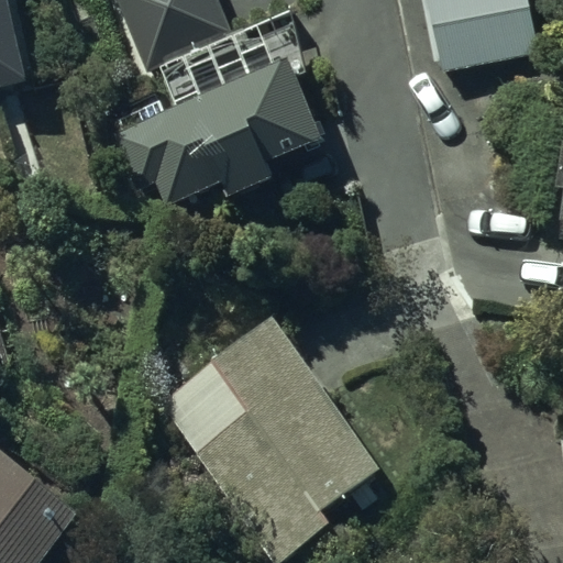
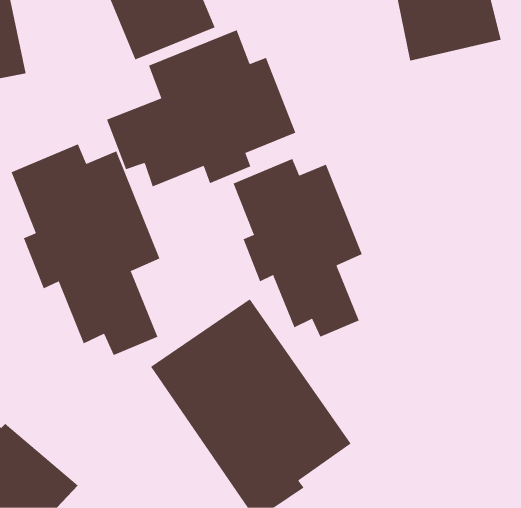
building: none -> [11,144,160,356]
building: none -> [233,158,363,338]

